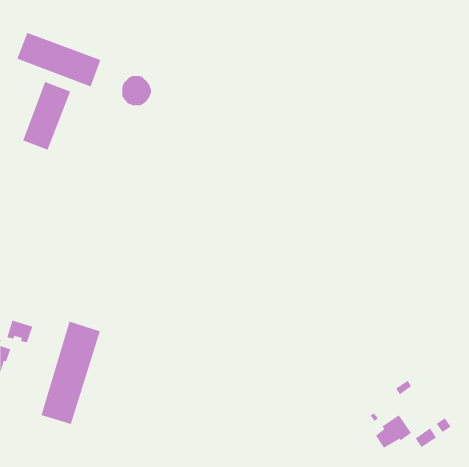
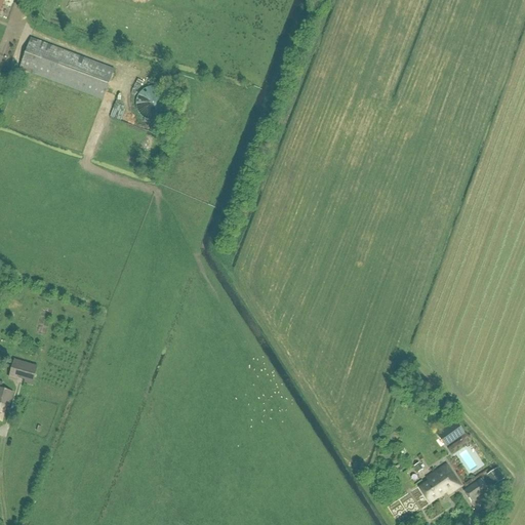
building: [22,81,71,151] -> none
building: [41,321,101,425] -> none

